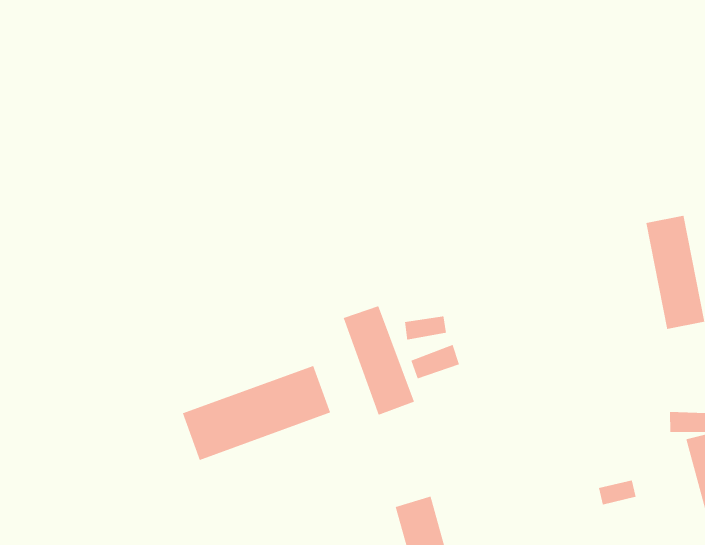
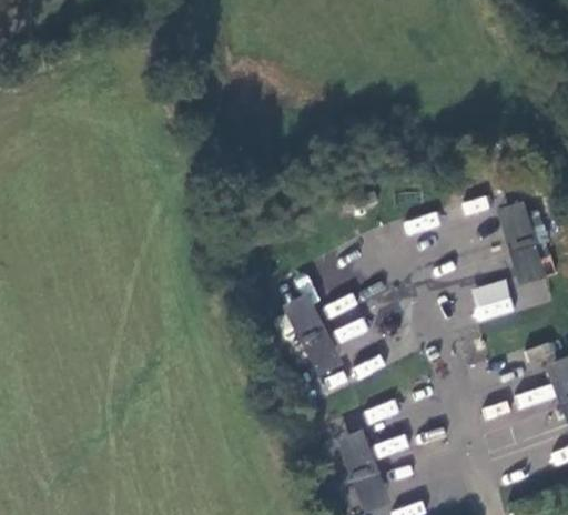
building: none -> [470,276,518,321]
building: [182,365,331,461] -> none

